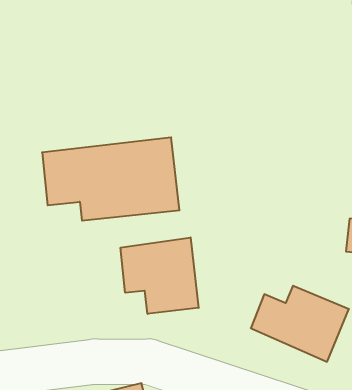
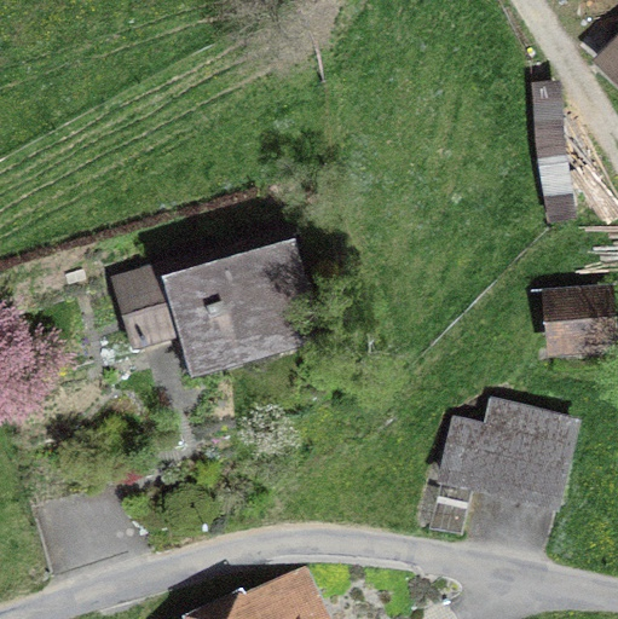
building: [121,237,199,314] -> none

